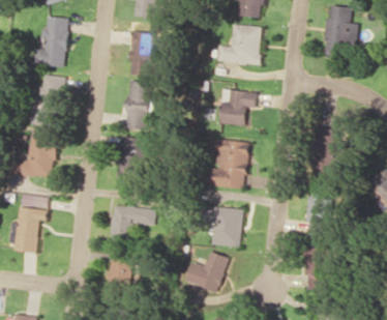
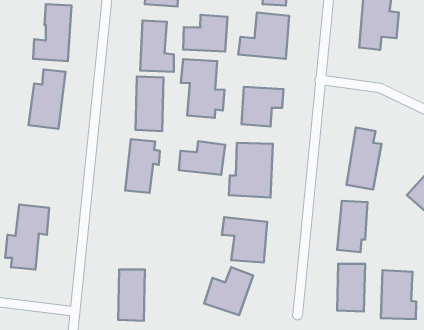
building: none -> [183,15,227,51]
building: none -> [181,59,225,118]
building: [13,136,56,177] -> none
building: none -> [179,141,225,175]
building: [110,206,154,241] -> none
building: none -> [381,270,416,319]

